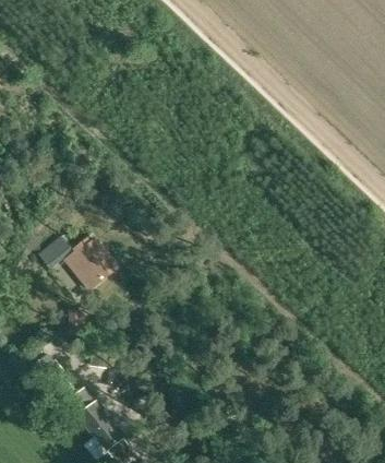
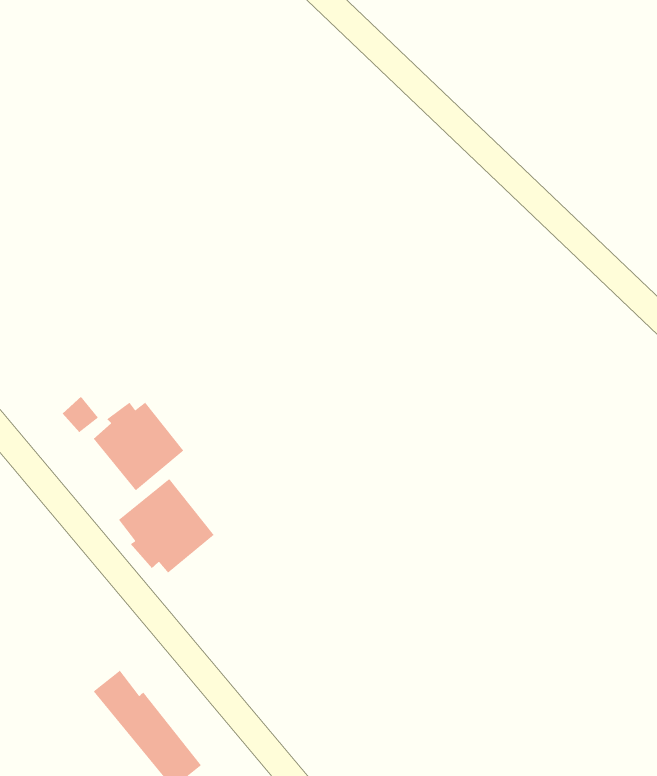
building: none -> [118,478,214,574]

